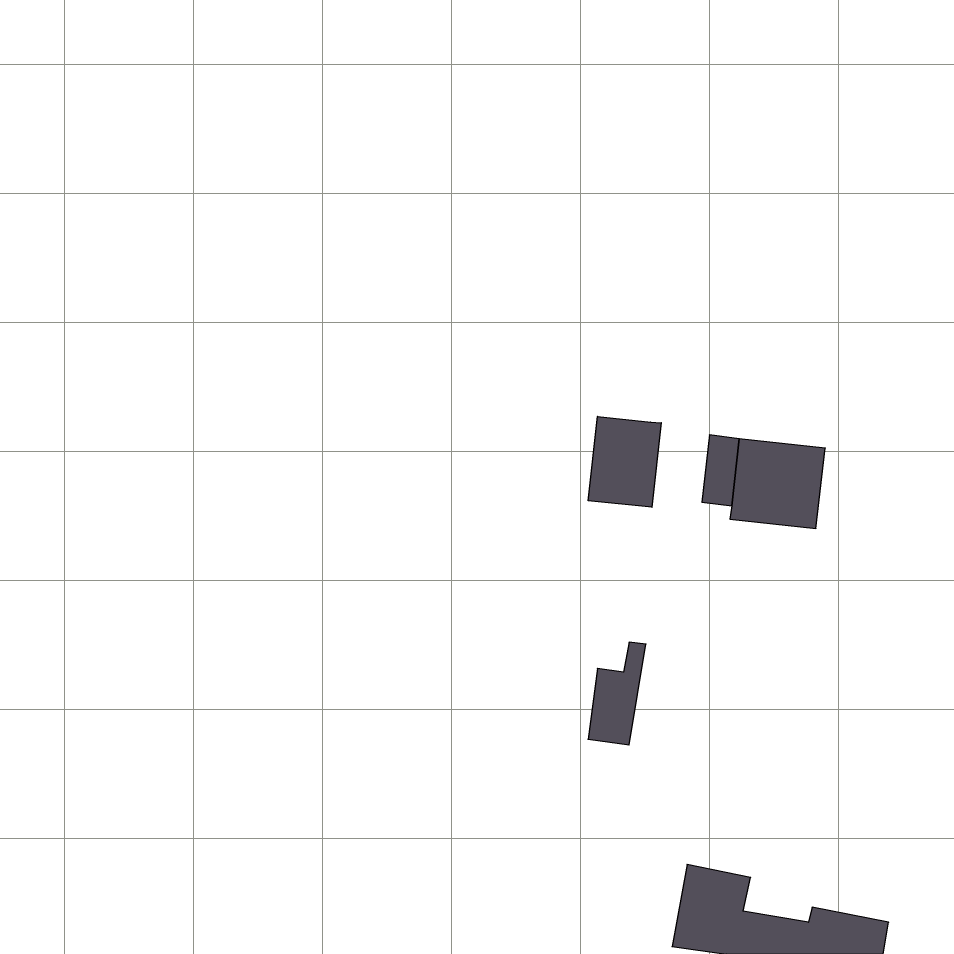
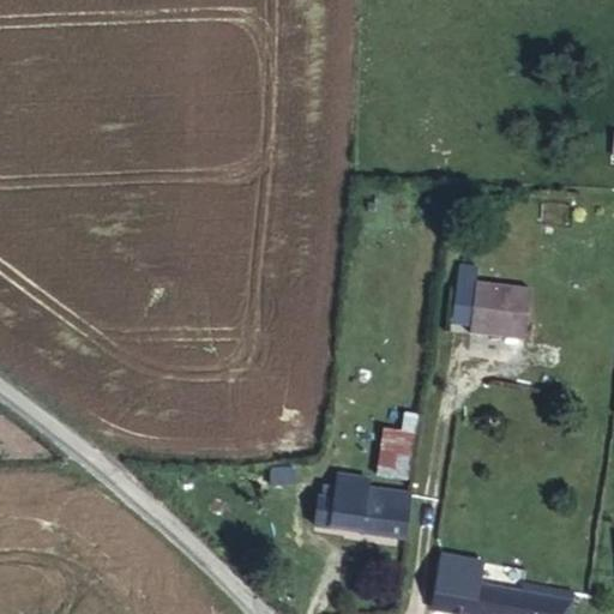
building: [588,416,661,507] -> none
building: none -> [314,475,410,538]

